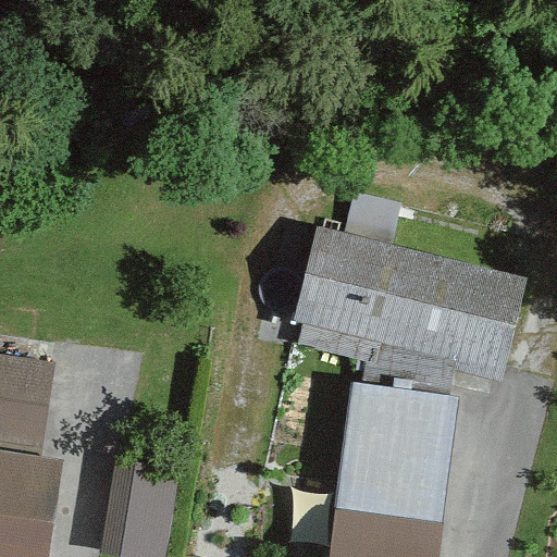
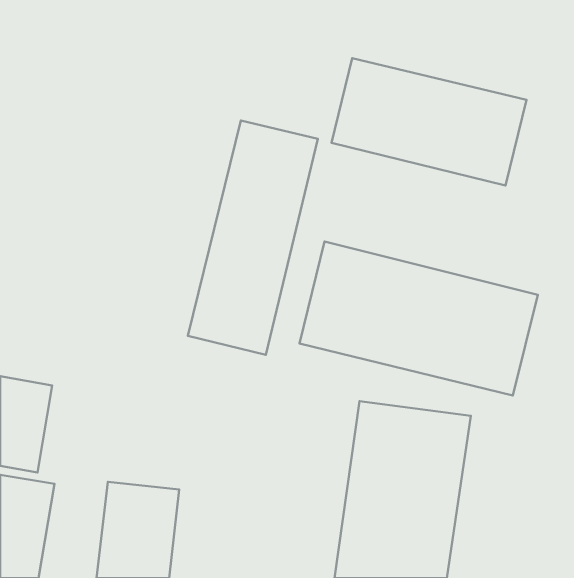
building: none -> [332,58,526,185]
building: none -> [188,120,318,355]

